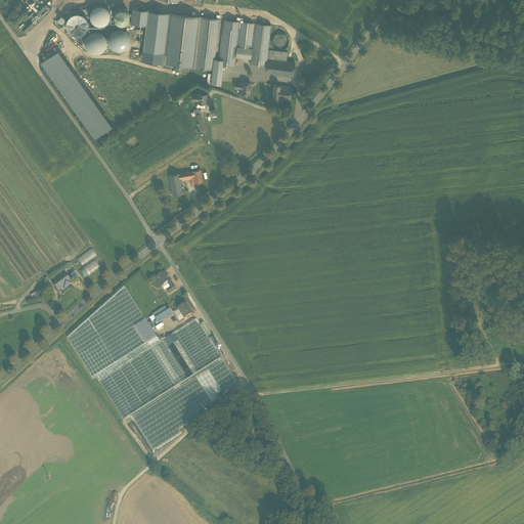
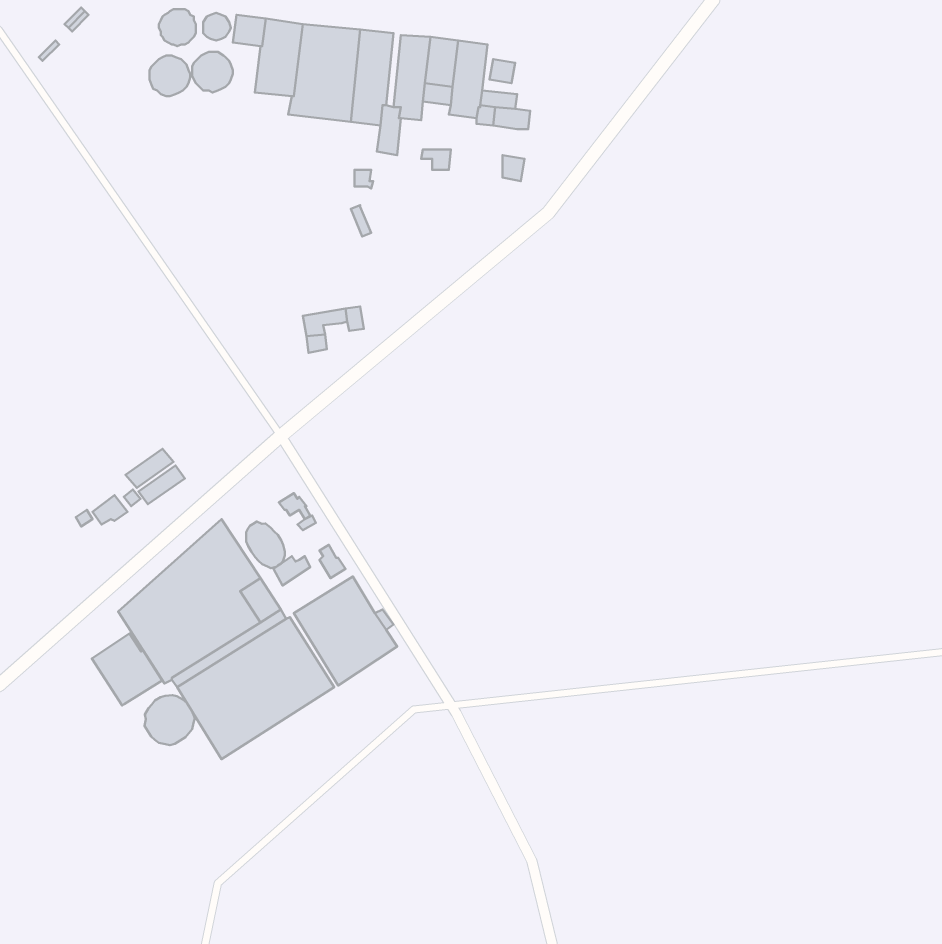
building: [64,13,87,35] -> none
building: [39,50,111,138] -> none
building: none -> [246,521,285,568]
building: none -> [92,634,162,705]
building: none -> [144,695,195,745]

